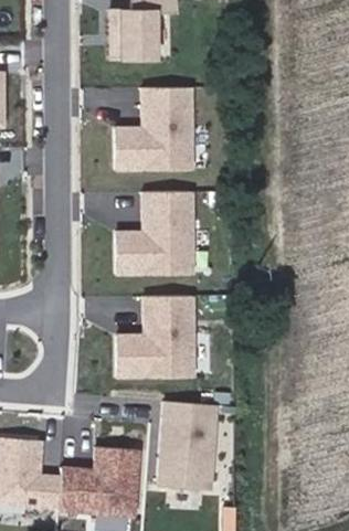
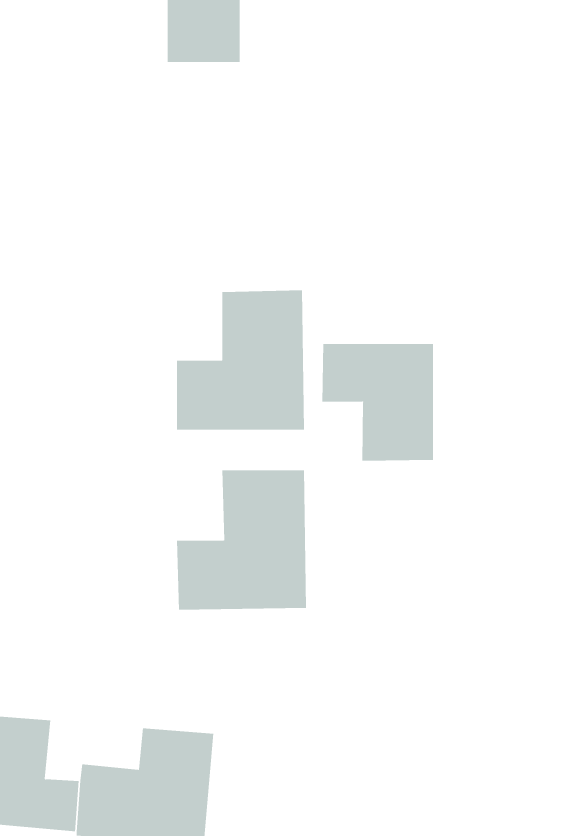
building: [116,87,191,169] -> none
building: none -> [322,343,433,462]
building: [158,401,216,489] -> none

